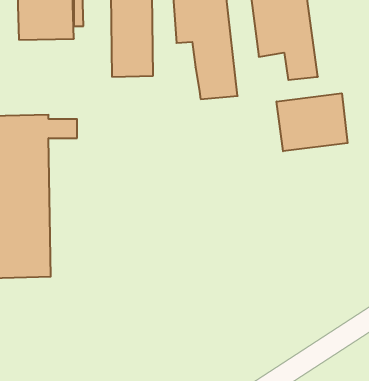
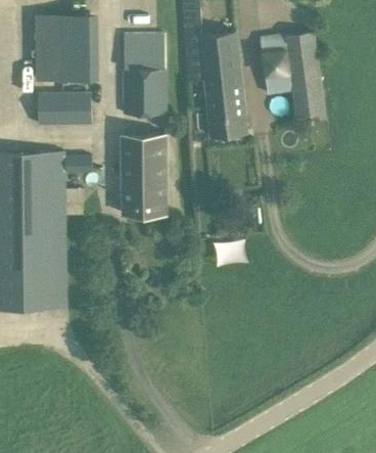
building: none -> [39,94,92,126]
building: [277,93,348,151] -> none
building: none -> [122,135,168,215]

